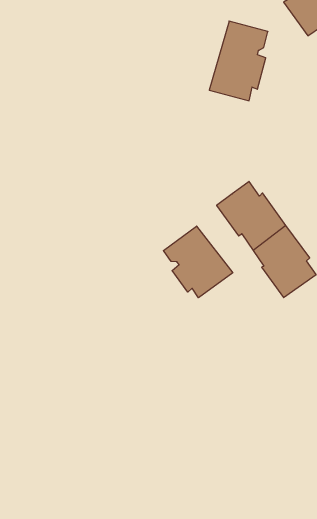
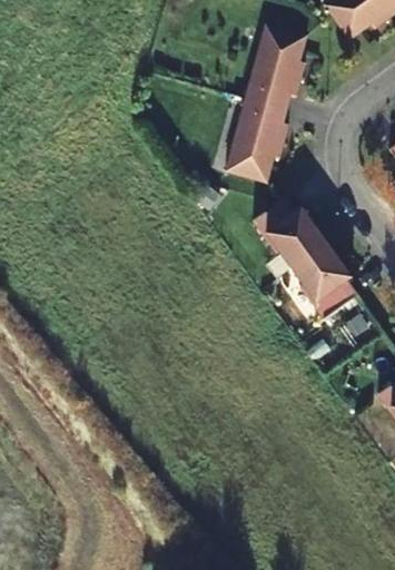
building: none -> [225,99,288,184]
building: [163,226,233,298] -> none

